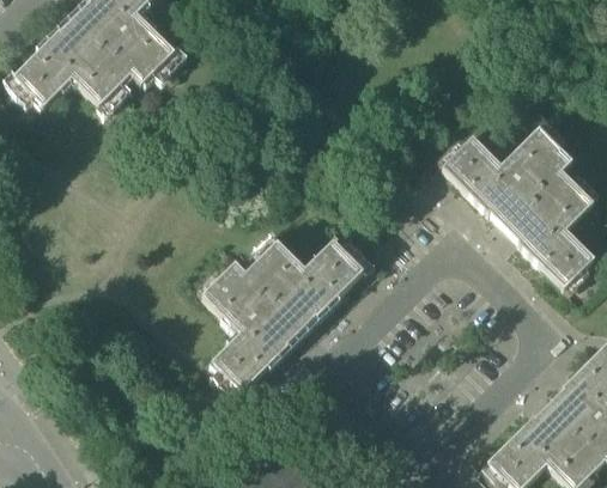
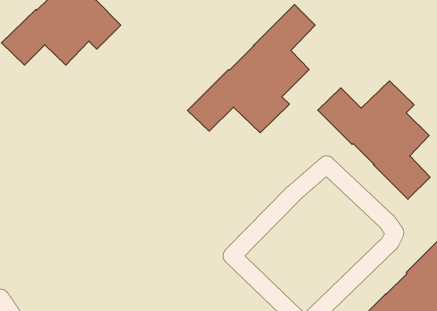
building: none -> [188,5,315,133]
building: [202,239,364,390] -> none

